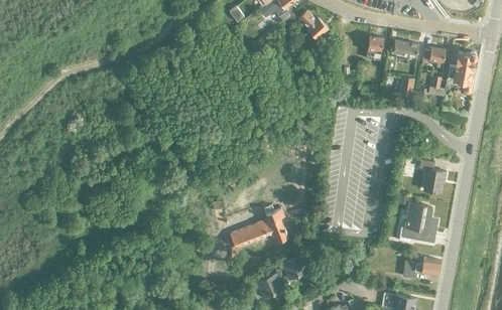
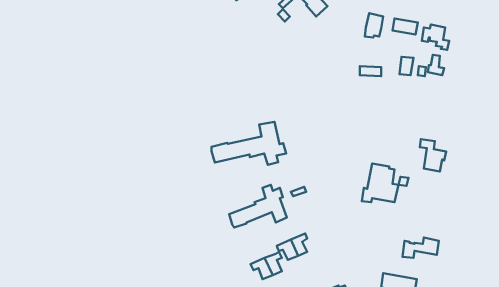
building: [447,51,475,95] -> none
building: none -> [211,122,286,165]
building: [399,203,435,242] -> [362,164,398,202]

